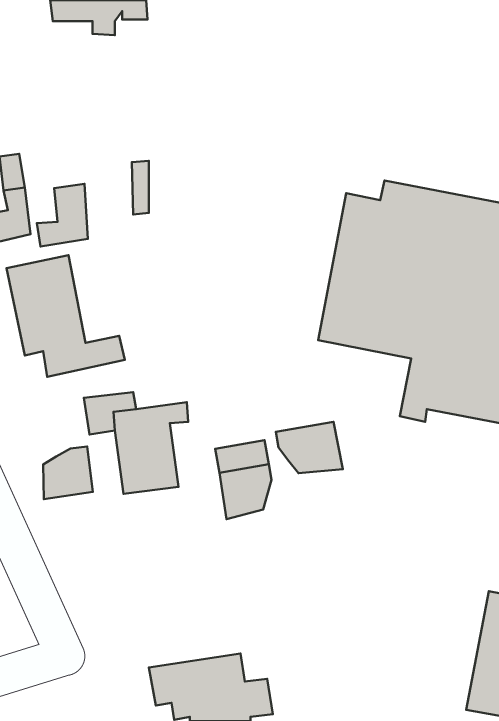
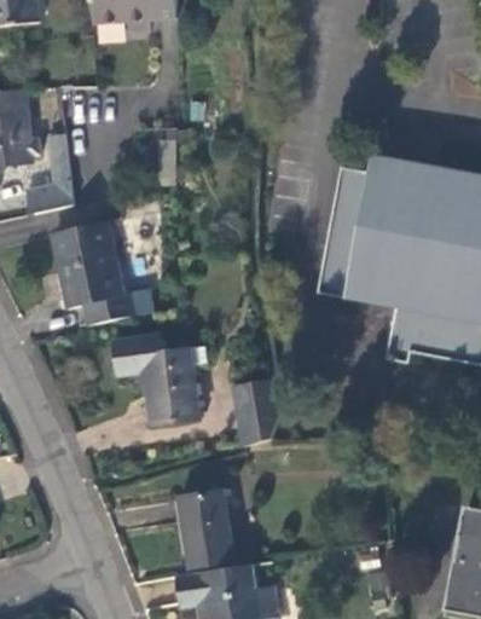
building: [37,184,88,247] -> none
building: [276,422,343,473] -> none
building: [43,447,93,499] -> none
building: none -> [179,488,232,565]

